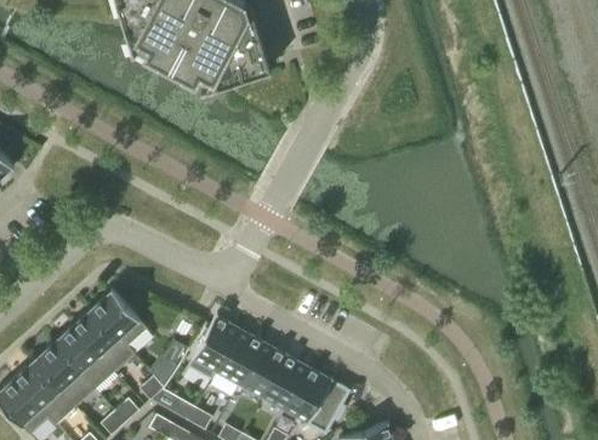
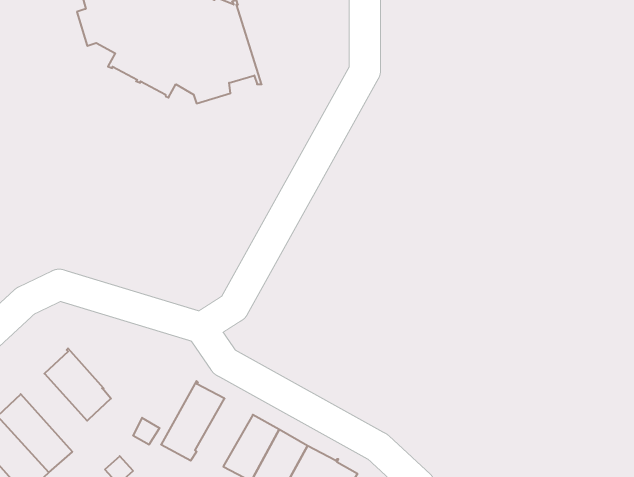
building: [72,308,133,372] -> none
building: [215,328,262,384] -> none

